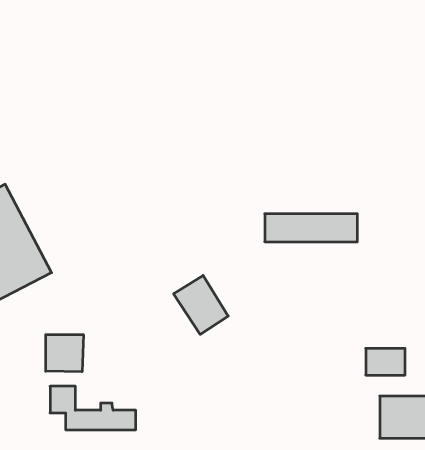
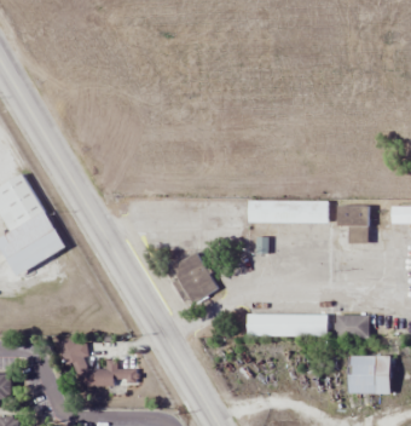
building: none -> [336,205,369,243]
building: [46,335,83,372] -> none
building: none -> [247,313,328,336]

